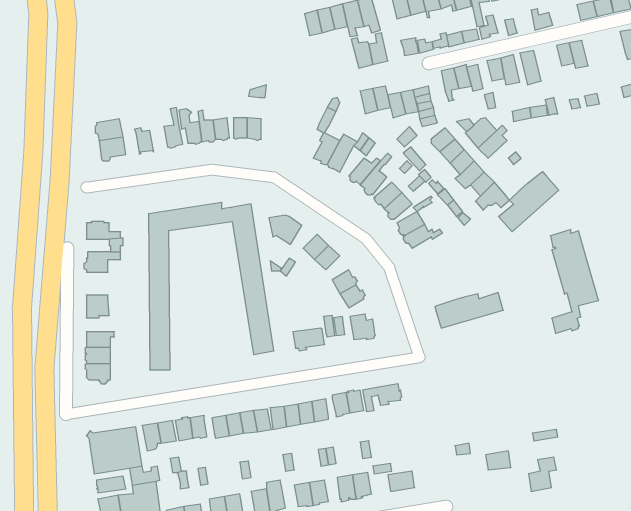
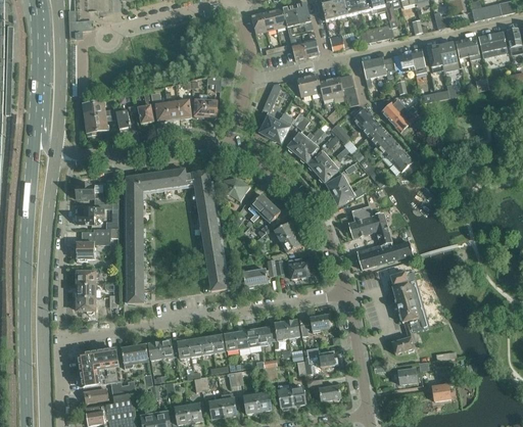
building: none -> [478,31,507,57]
building: none -> [436,42,458,70]
building: [499,172,559,232] -> none
building: [550,230,599,333] -> [390,270,429,353]
building: none -> [348,204,391,244]
building: none -> [82,228,110,244]
building: none -> [305,346,335,367]

